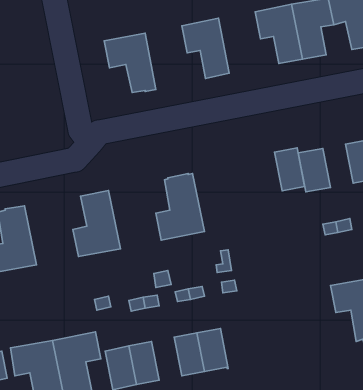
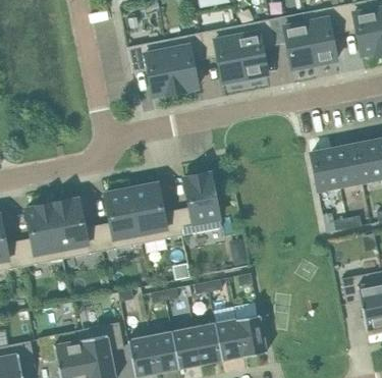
building: none -> [234,19,274,77]
building: none -> [165,33,205,93]
building: [274,148,305,191] -> [333,145,362,185]
building: none -> [130,183,180,244]
building: none -> [51,199,102,259]
building: none -> [236,314,266,357]
building: none -> [171,327,200,368]

